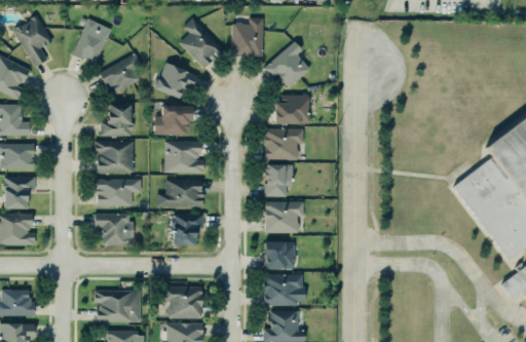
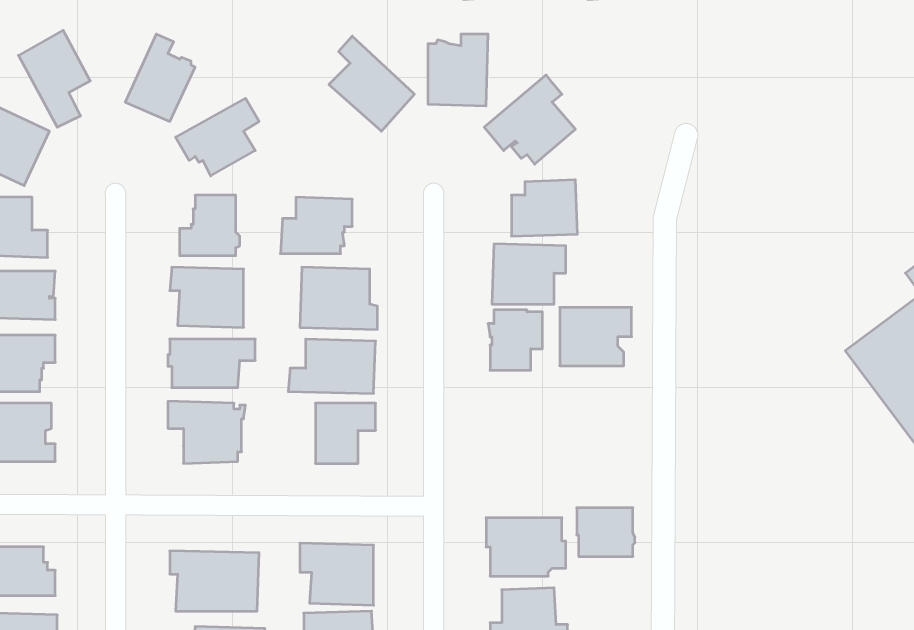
building: [156,65,198,99] -> none
building: [265,201,303,232] -> [560,307,632,366]
building: [265,243,296,269] -> [577,508,635,556]

